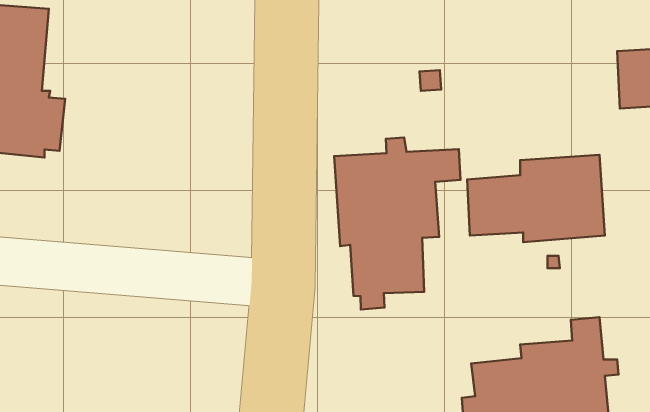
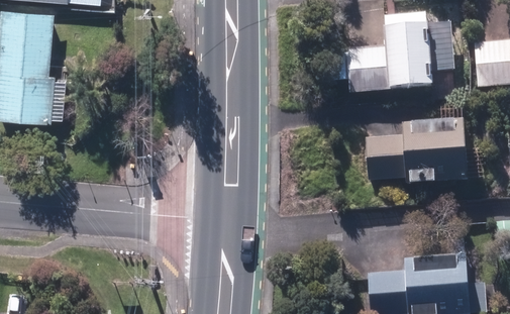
building: none -> [345,11,432,91]
building: [334,138,460,309] -> none

